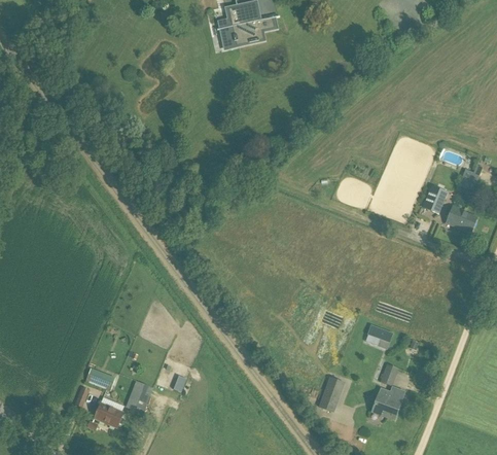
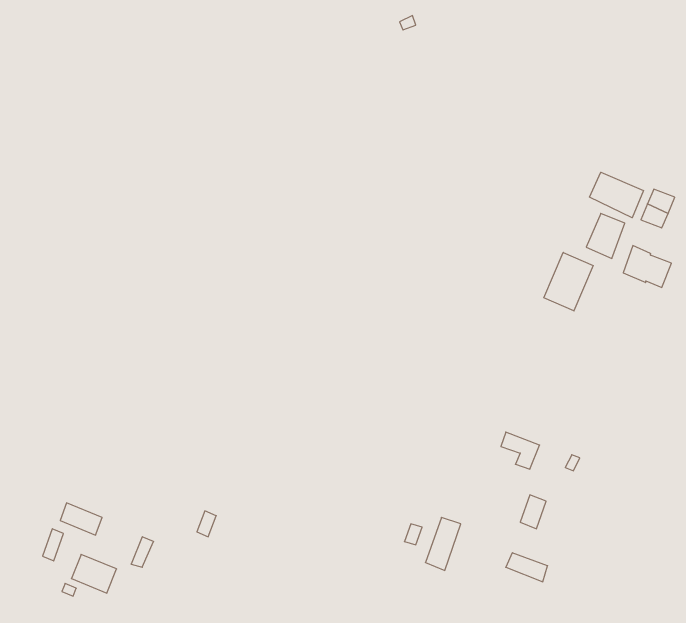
building: none -> [589,172,644,218]
building: none -> [544,252,593,311]
building: [376,386,405,409] -> none

